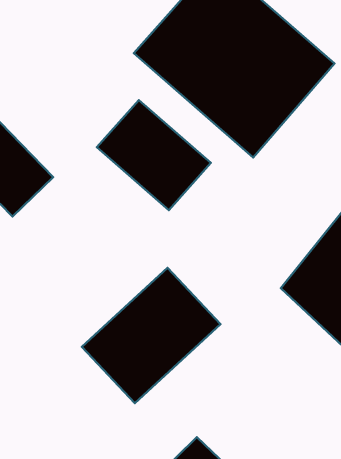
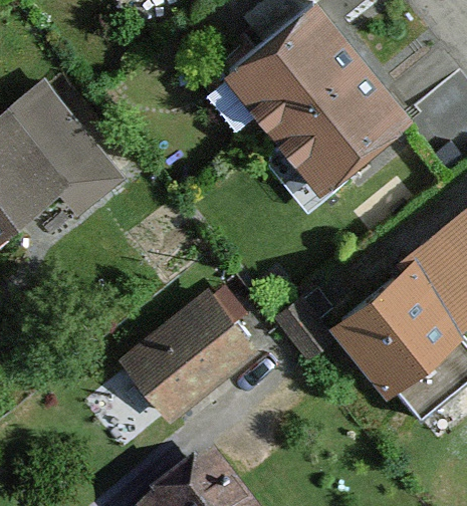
building: [97,100,211,210] -> none

